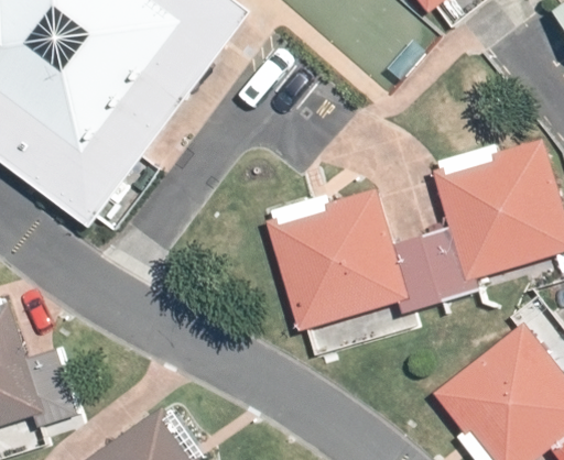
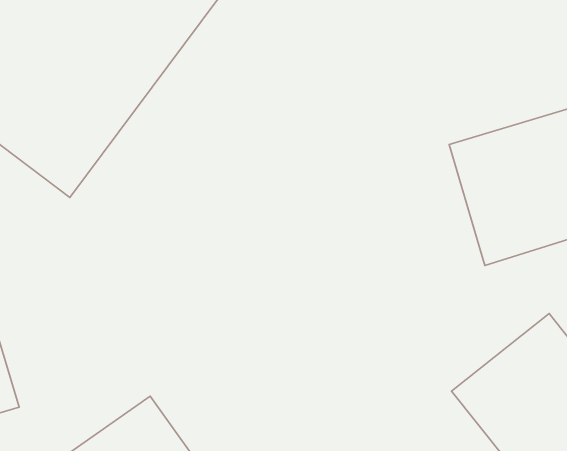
building: [265,190,409,331] -> none

